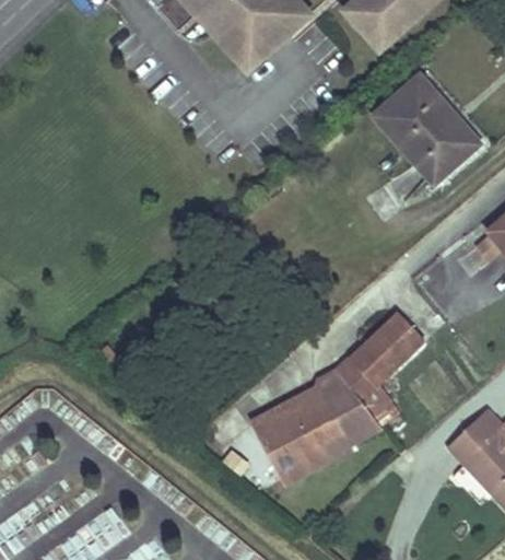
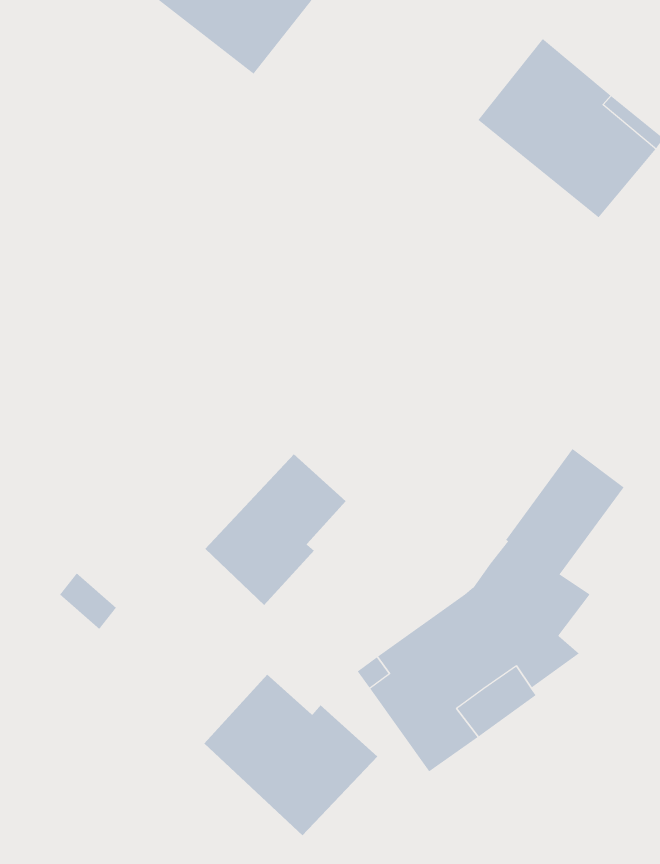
building: none -> [204,453,346,606]
building: none -> [203,674,378,836]

